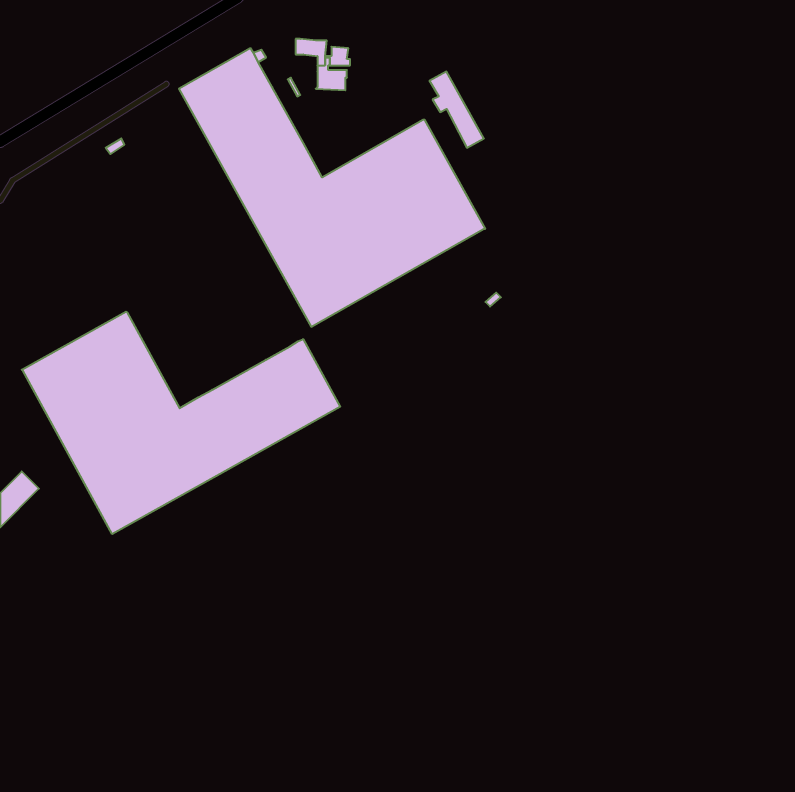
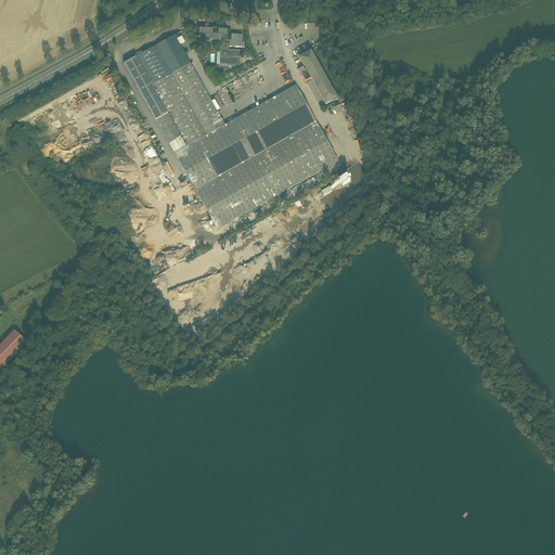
building: [22,312,340,534] -> none

